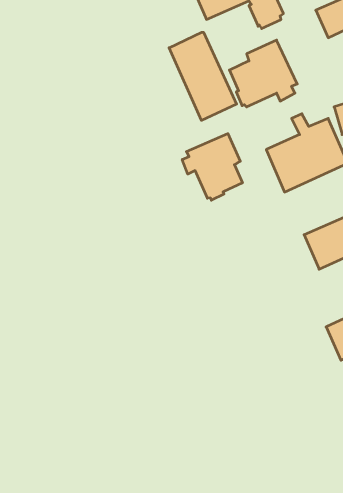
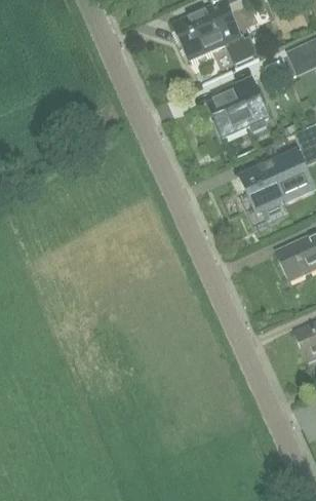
building: [169,32,237,120] -> none
building: [182,134,242,200] -> none

